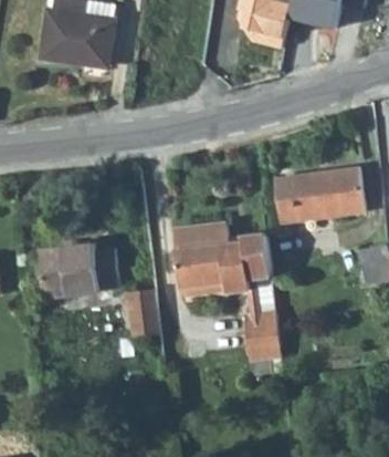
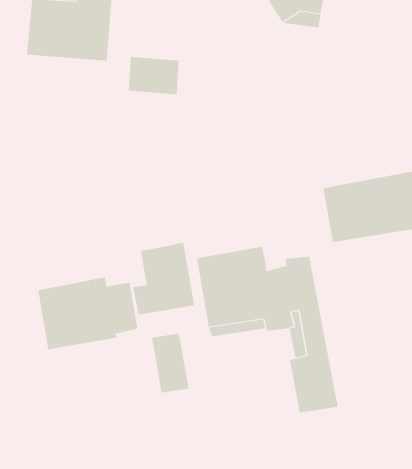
building: none -> [128,56,179,95]
building: none -> [133,242,195,315]

